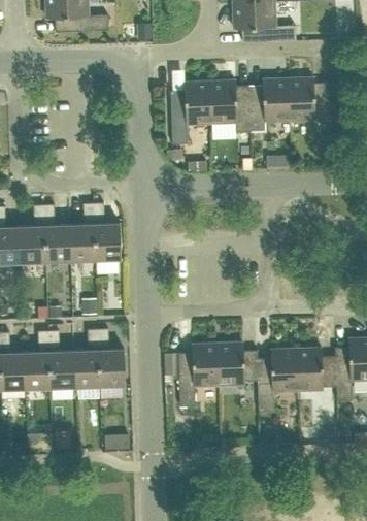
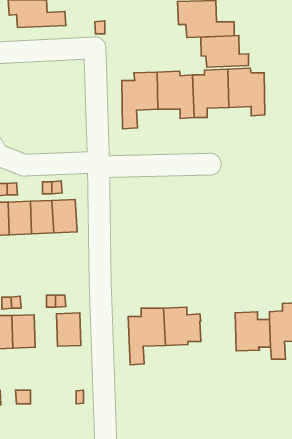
building: none -> [201,36,249,67]
building: [257,349,297,412] -> none
building: [73,350,99,387] -> none

